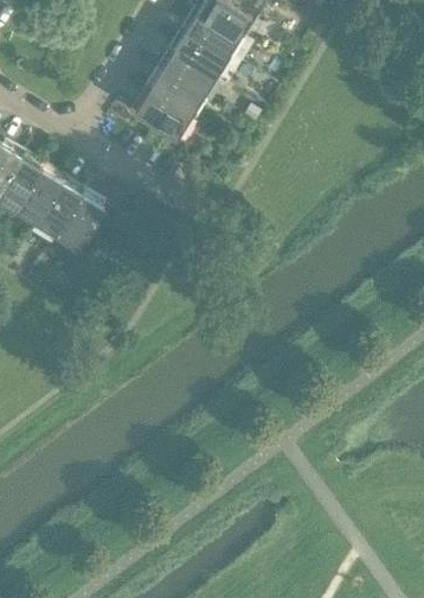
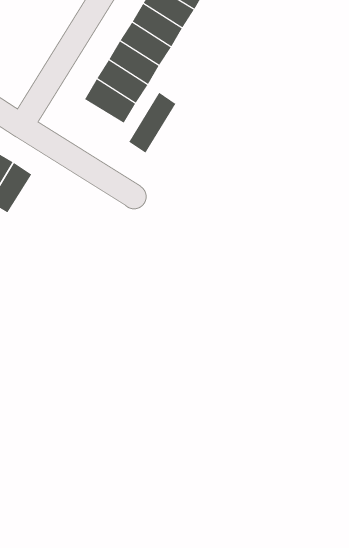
building: none -> [128,92,176,154]
building: [52,193,99,249] -> none

